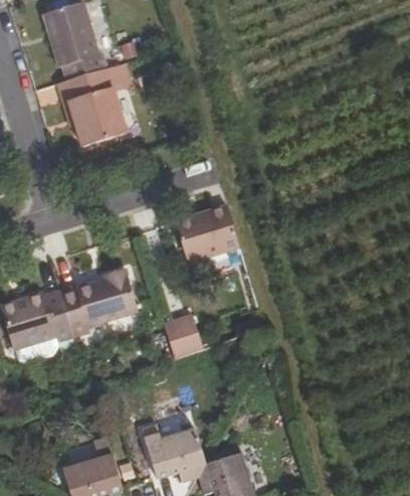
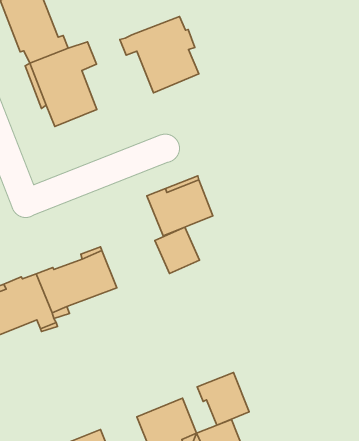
building: none -> [120,17,199,93]
building: [157,312,200,357] -> [155,227,200,274]
building: none -> [197,372,249,425]

